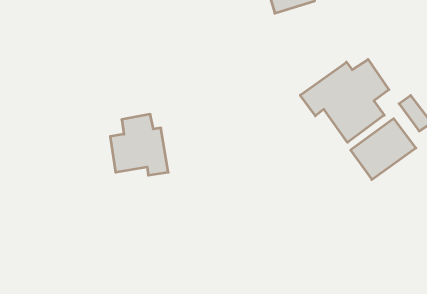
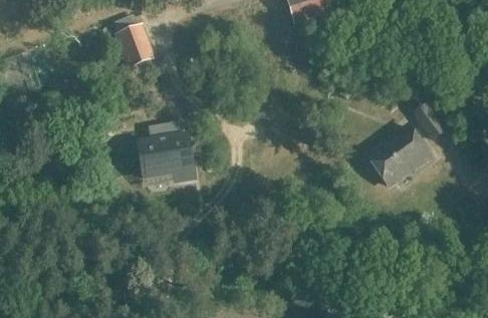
building: none -> [117,26,153,66]
building: [300,59,389,142] -> none

